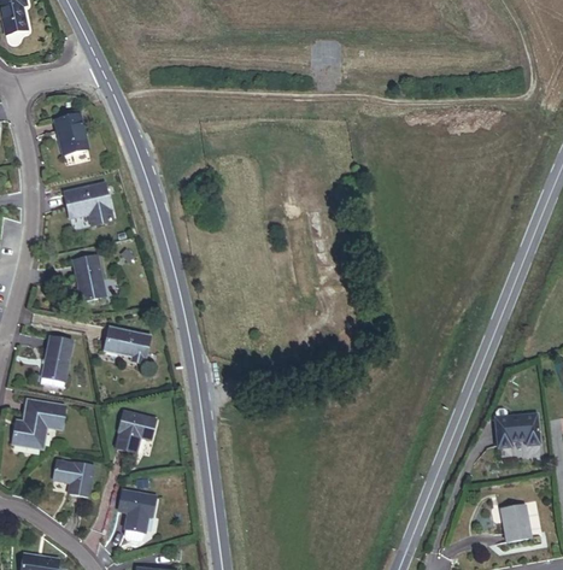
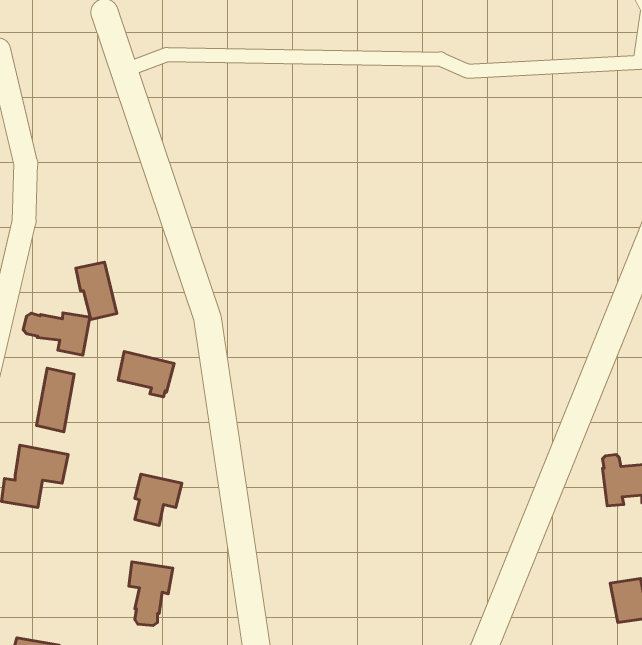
building: [55,112,88,152] -> none
building: [64,181,112,222] -> none
building: none -> [23,313,90,355]
building: [53,458,94,495] -> none

